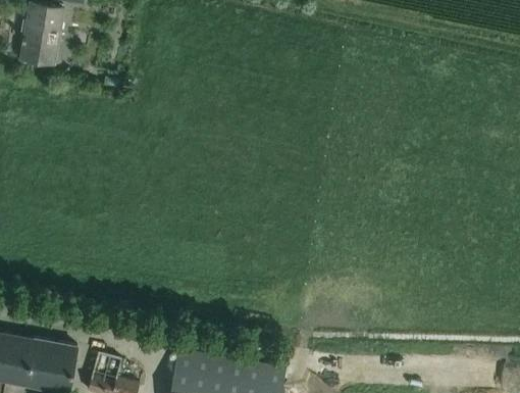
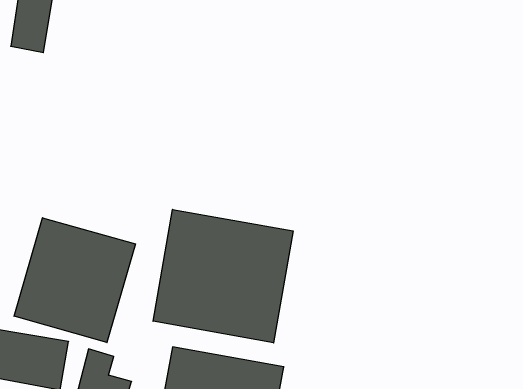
building: none -> [153,209,293,343]
building: none -> [14,218,135,343]

